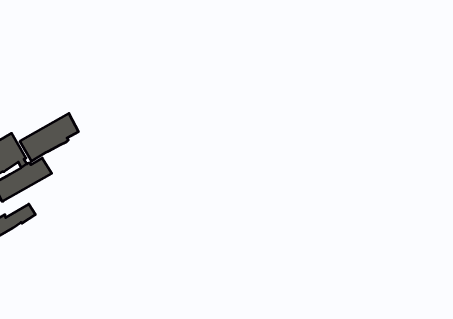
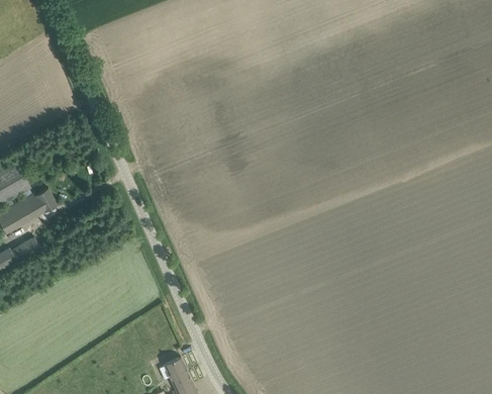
building: [20,113,78,161] -> none

